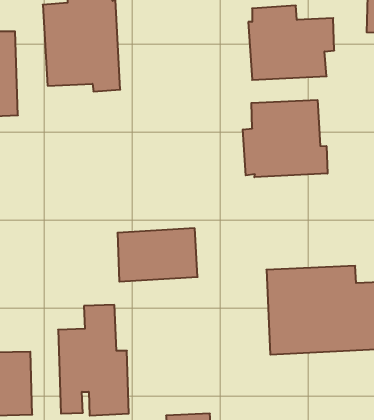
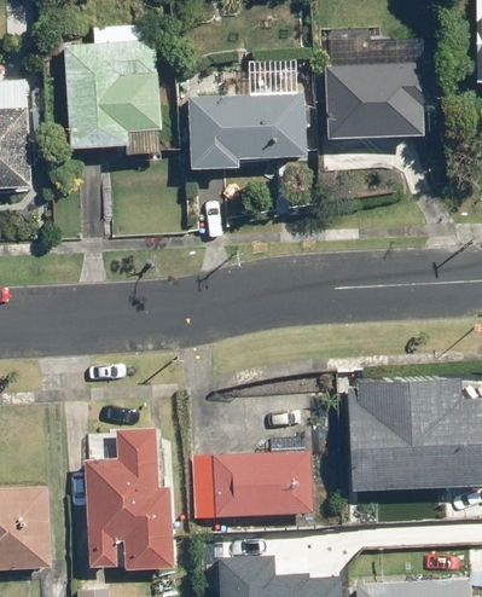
building: none -> [186,95,306,172]
building: [243,100,327,177] -> none
building: [117,228,198,282] -> [210,448,312,516]

